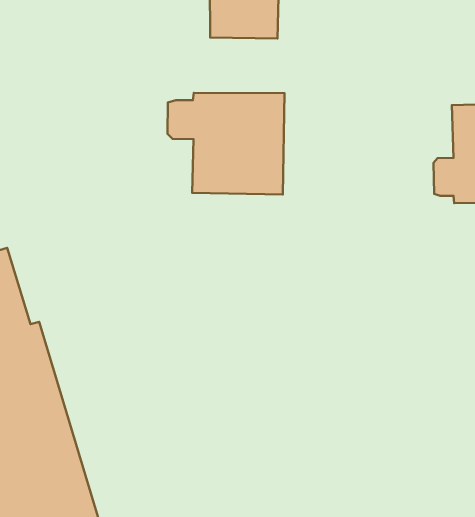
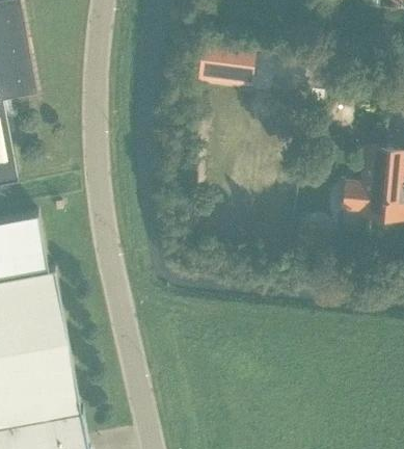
building: [168,93,284,195] -> none

